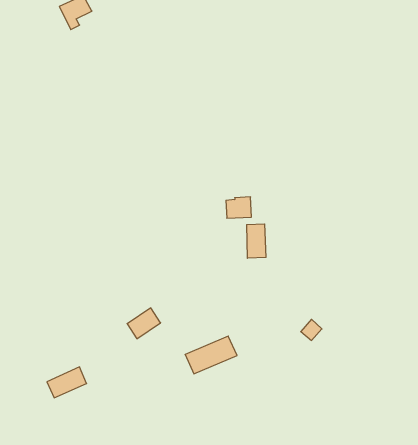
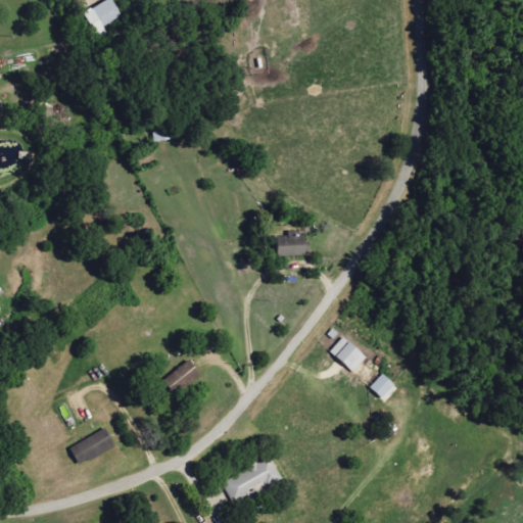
building: [247,224,266,258] -> none
building: none -> [325,337,363,372]
building: [185,336,237,374] -> [223,459,283,503]

